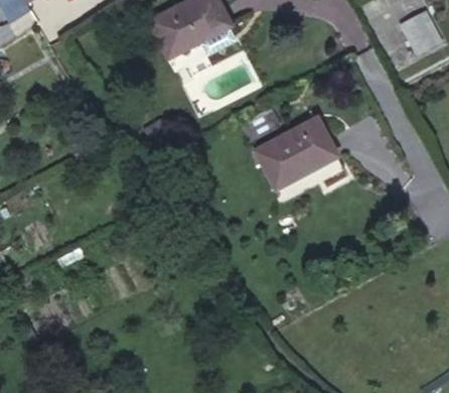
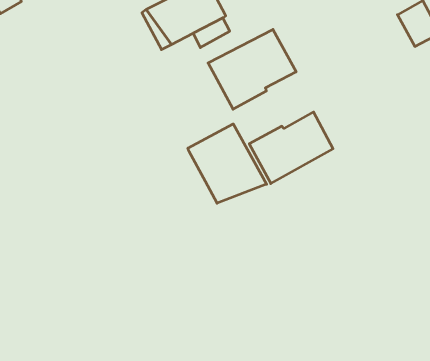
building: none -> [208,29,296,109]
building: none -> [188,124,267,203]

